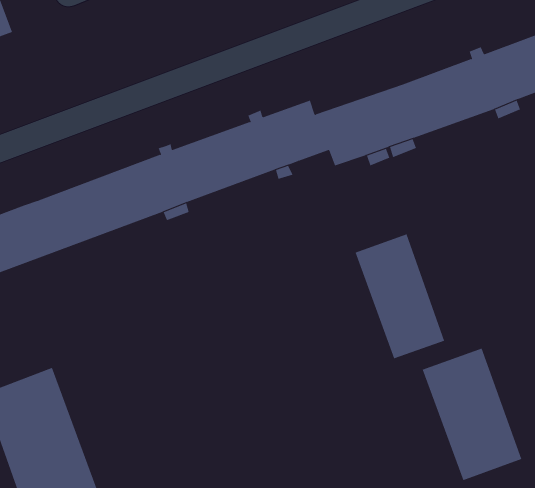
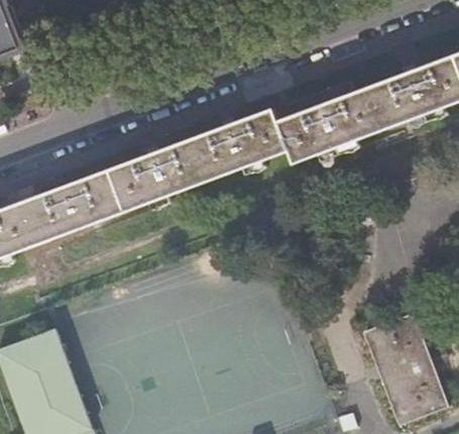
building: [355,234,445,359] -> none

